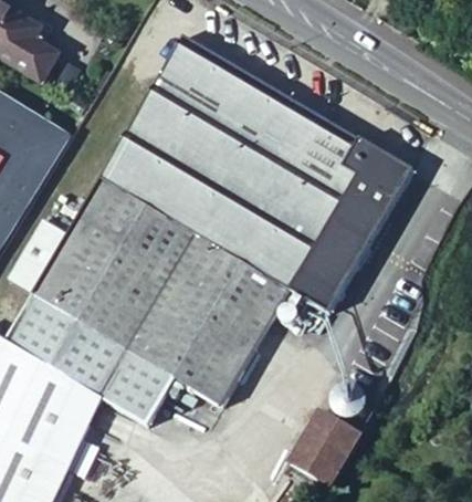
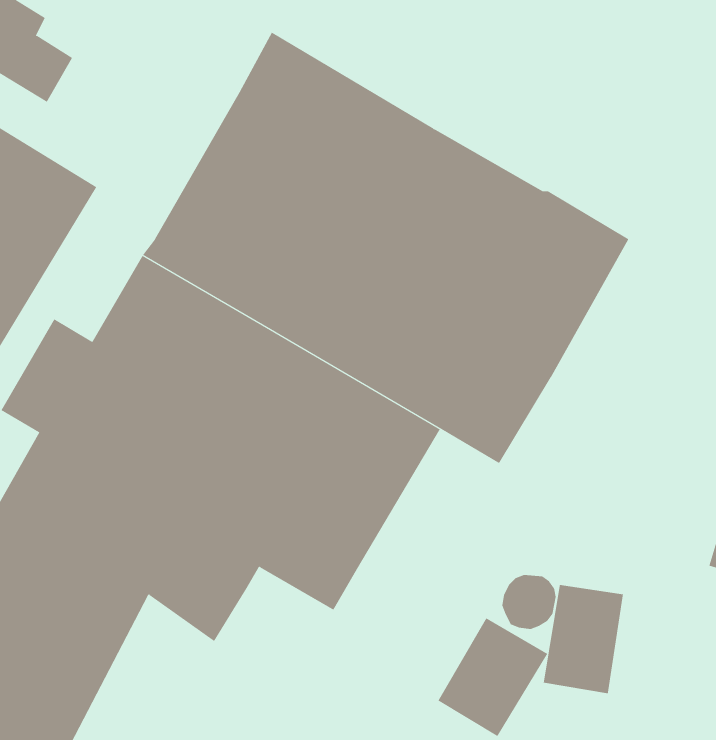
building: none -> [543,584,623,694]

